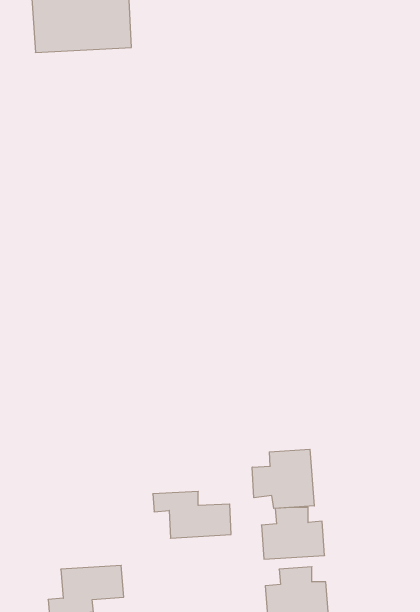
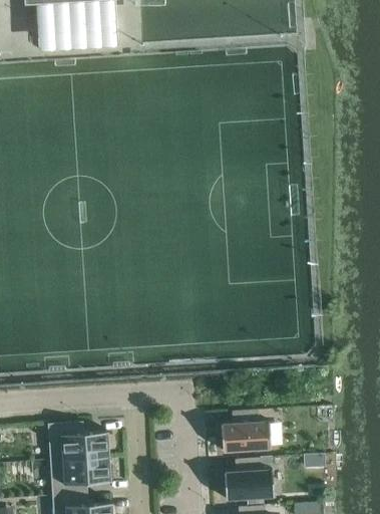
building: [252,449,314,508] -> none
building: [153,491,231,538] -> [47,424,109,461]

